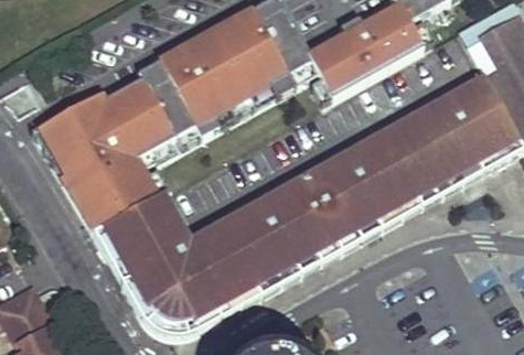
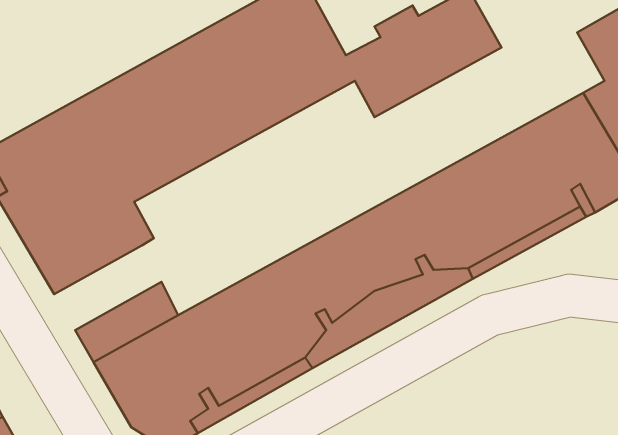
building: [90,190,169,251] -> none

